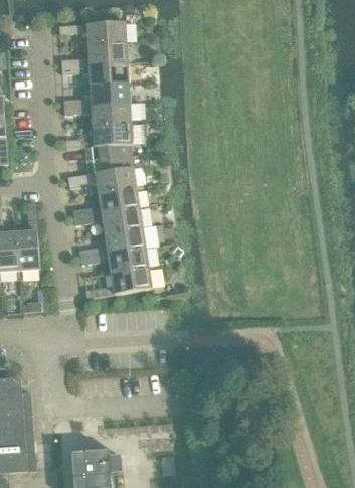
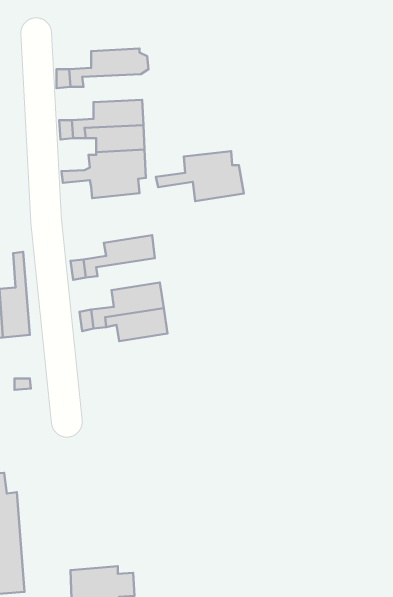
building: [58,21,126,44] -> none
building: [80,62,128,85] -> none
building: [66,156,136,195] -> [156,151,244,201]
building: [92,207,142,232] -> none
building: [84,267,151,298] -> none

